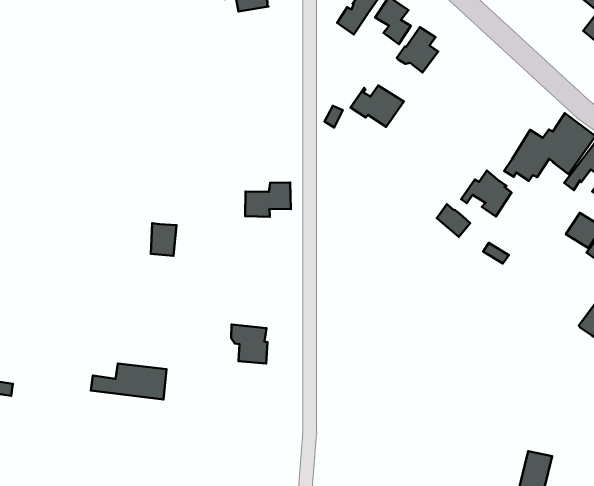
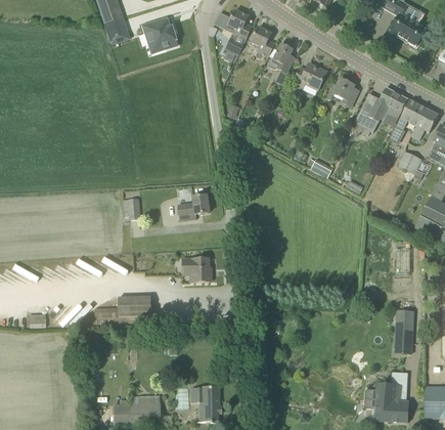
building: [350,85,404,127] -> [293,62,327,89]
building: [461,170,512,217] -> [326,77,359,106]
building: [245,183,291,217] -> [178,193,210,220]

